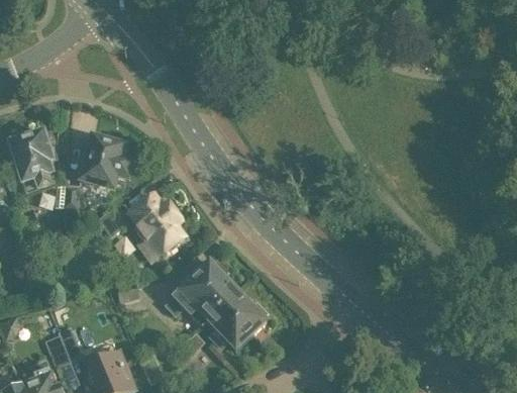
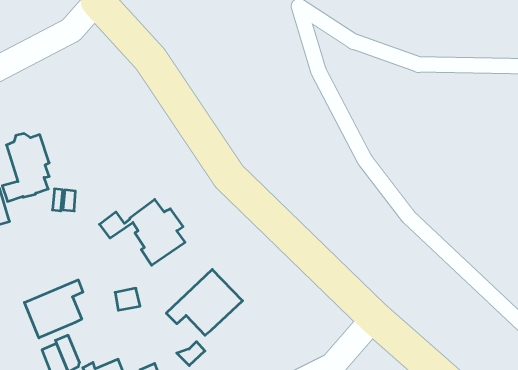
building: [80,134,133,188] -> none
building: none -> [24,280,83,338]
building: [208,292,266,349] -> none

